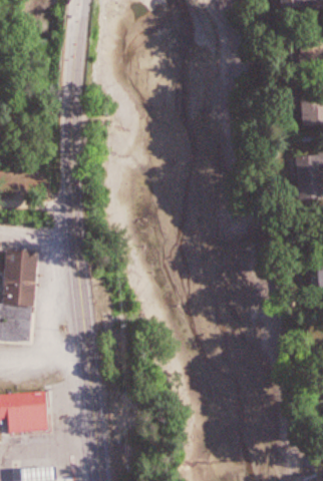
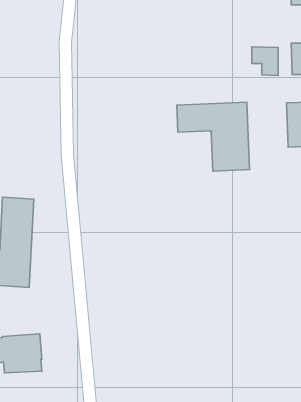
building: none -> [252,47,278,75]
building: none -> [177,102,249,171]

